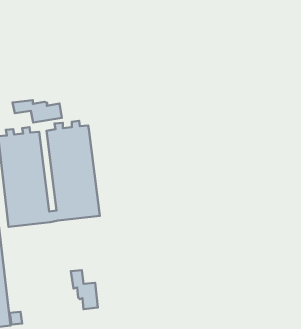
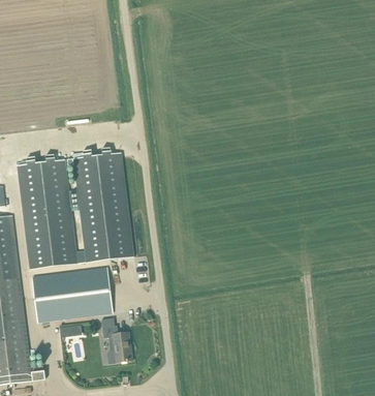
building: [13,100,62,122] -> none
building: none -> [31,267,125,324]

